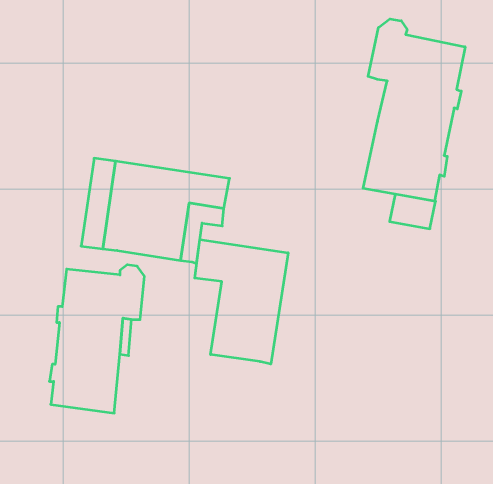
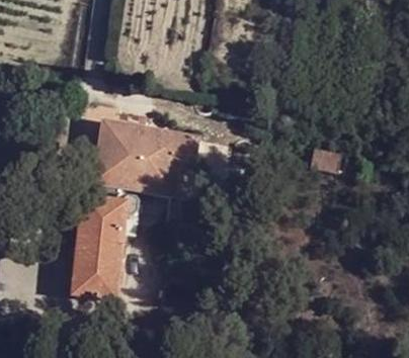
building: [363,19,465,201] -> none
building: [195,239,288,364] -> none

